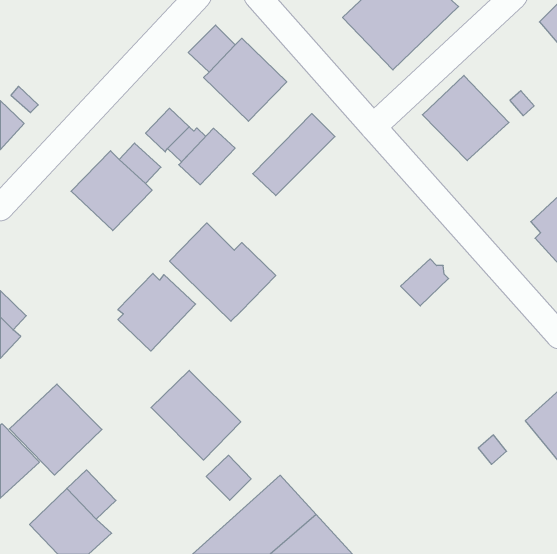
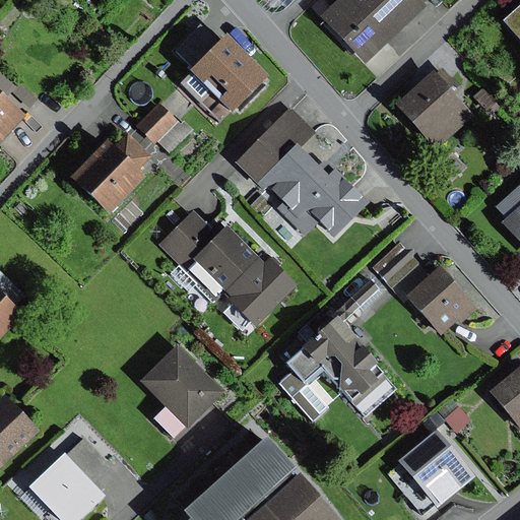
building: [179,128,235,185] -> none
building: none -> [258,144,371,238]
building: [118,273,196,351] -> [225,256,298,328]
building: none -> [407,266,477,332]
building: none -> [275,281,394,421]
building: [9,384,102,475] -> none
building: [206,455,251,500] -> none
building: none -> [397,429,475,508]

